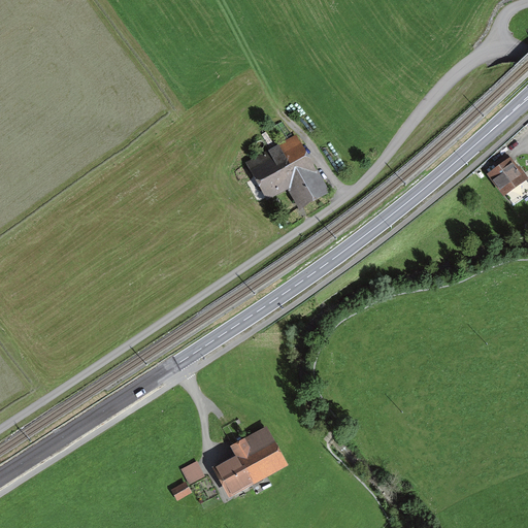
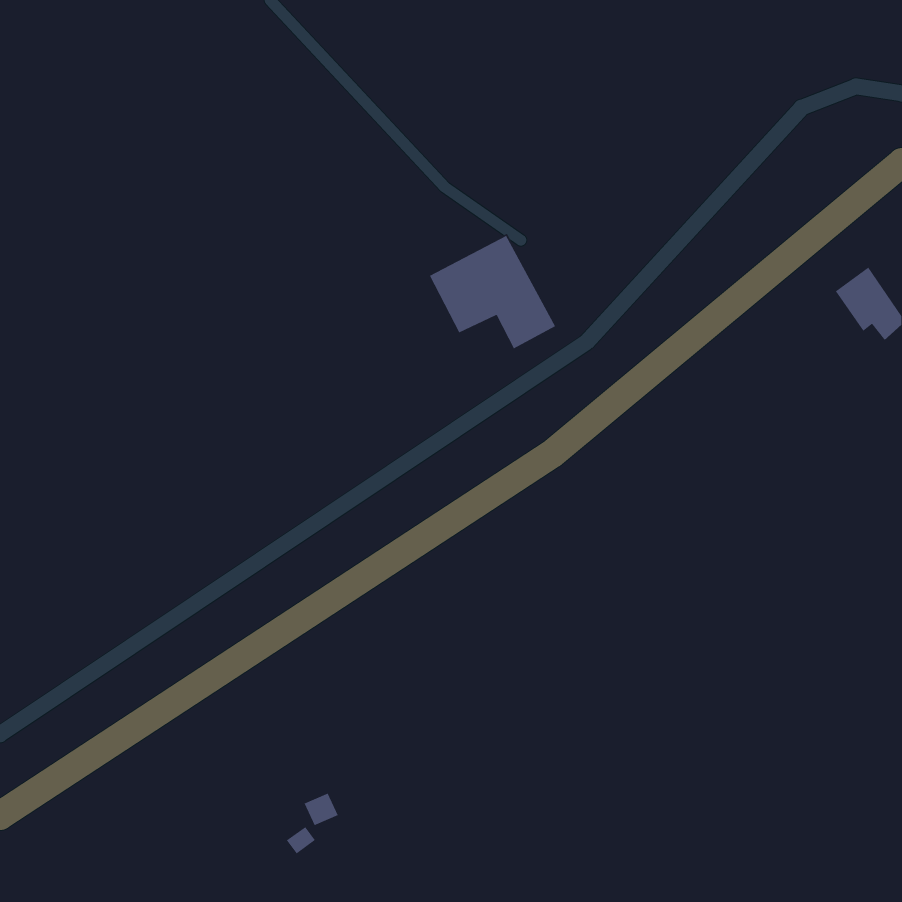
building: [217,430,284,494] -> none

